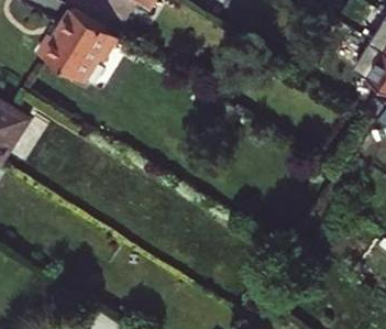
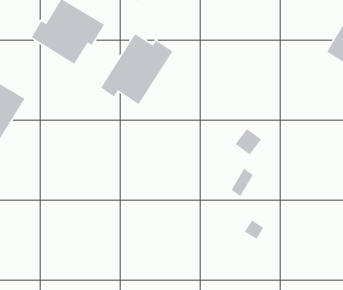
building: none -> [100,33,174,105]

